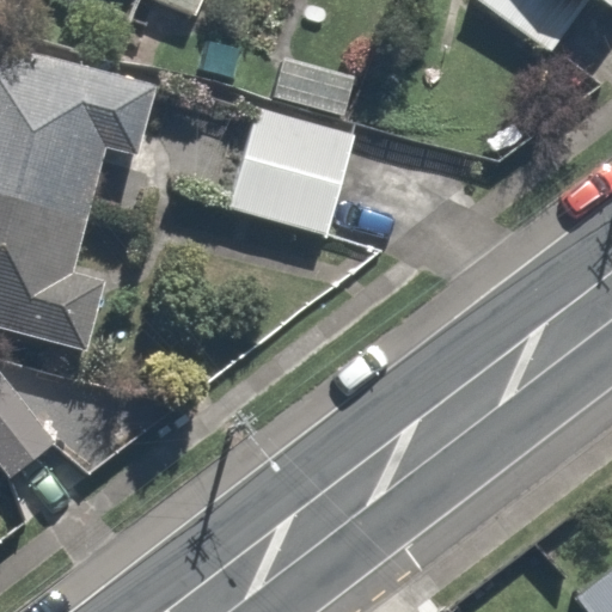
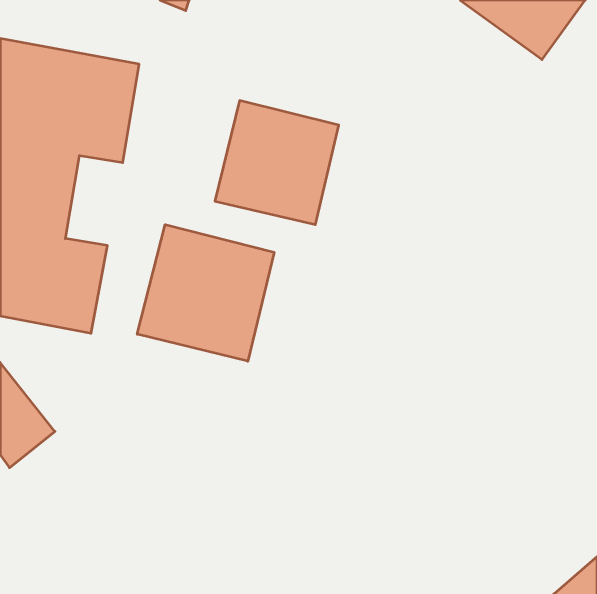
building: none -> [137,225,274,361]

